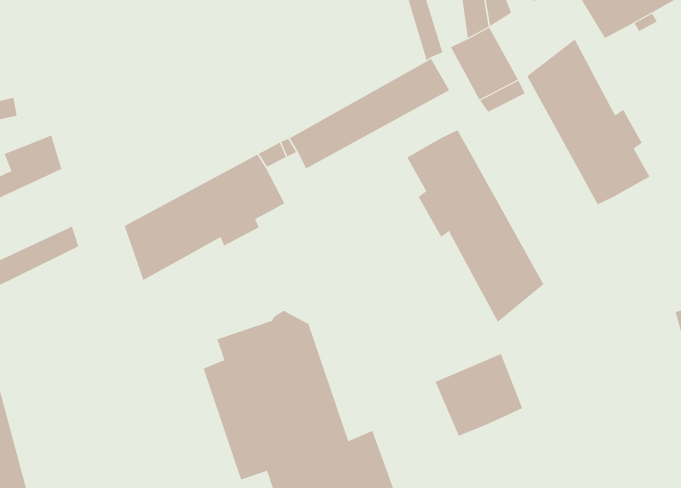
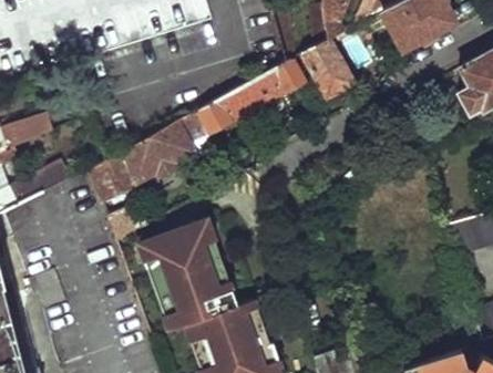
building: [526,39,650,205] -> none
building: [407,129,544,323] -> none
building: [435,353,523,436] -> none

